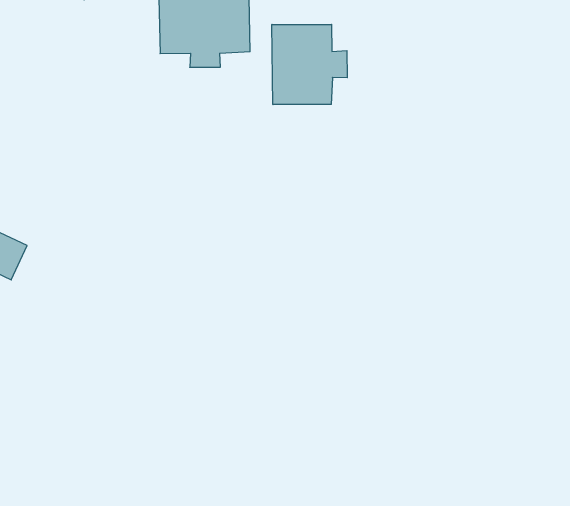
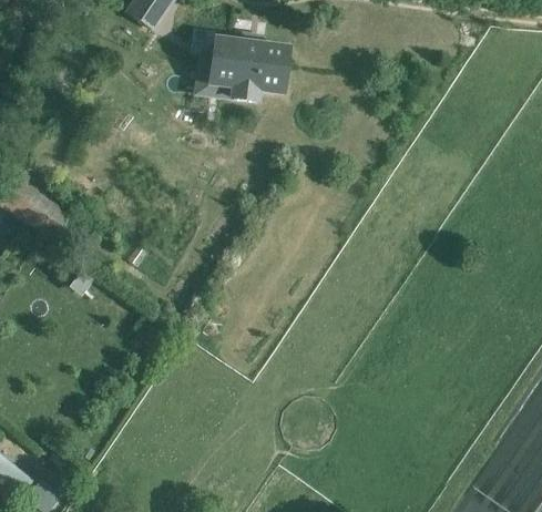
building: [272,24,347,105] -> none

